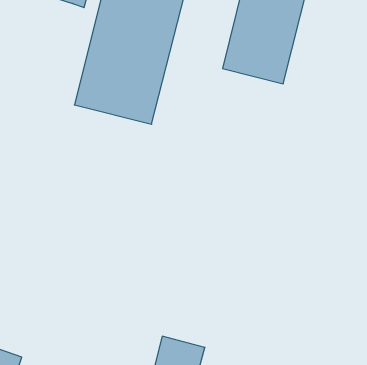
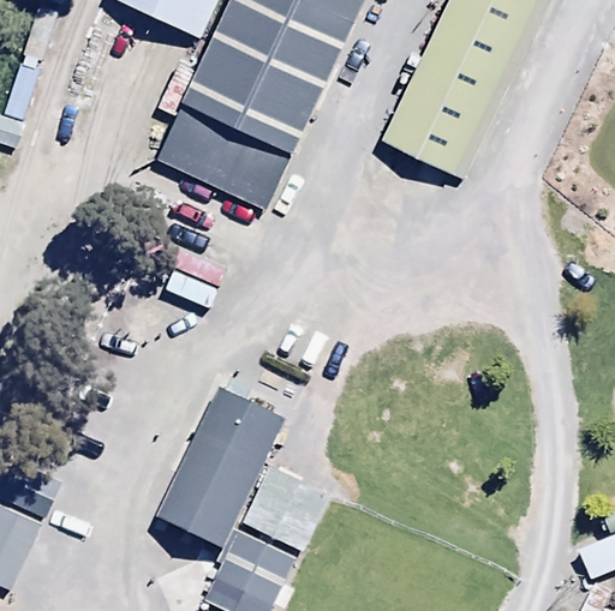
building: none -> [154,383,282,550]

